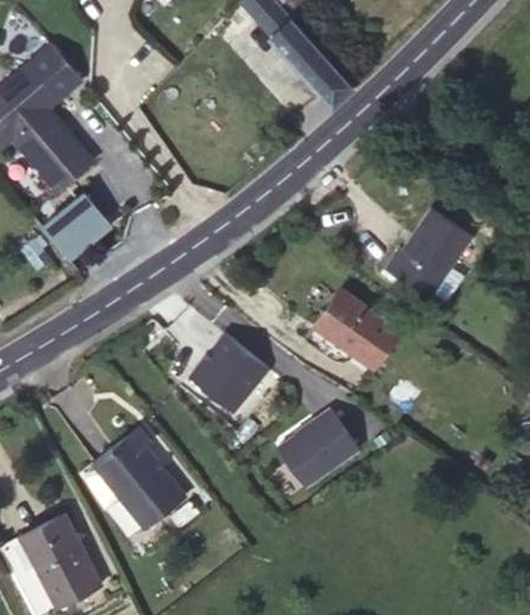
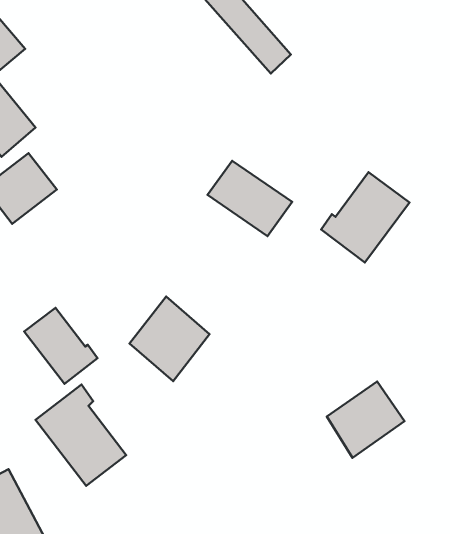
building: [315,288,401,365] -> [207,161,292,236]
building: none -> [24,308,97,384]
building: [279,417,358,495] -> [327,381,404,458]

